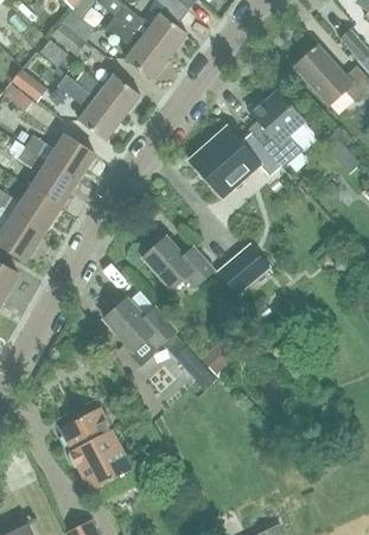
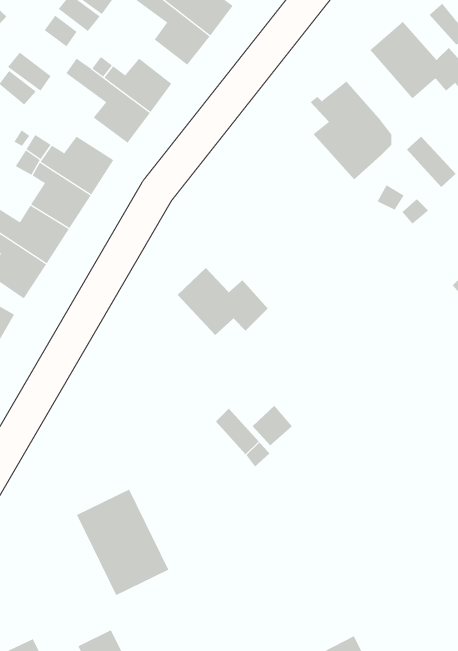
building: [187,126,260,197] -> none
building: [216,243,268,293] -> none
building: [103,297,174,350] -> none

